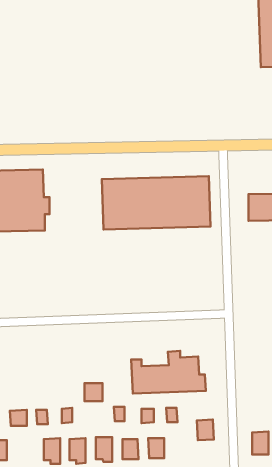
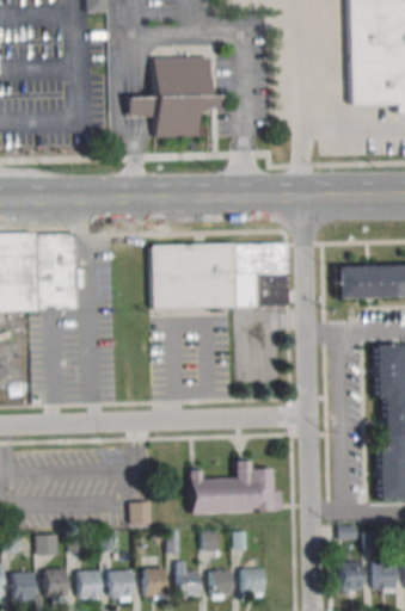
building: none -> [129,57,225,136]
building: [197,419,214,440] -> [241,568,263,594]
building: none -> [44,569,65,601]

